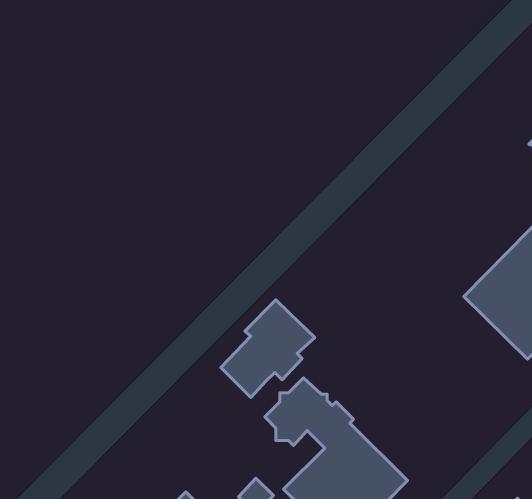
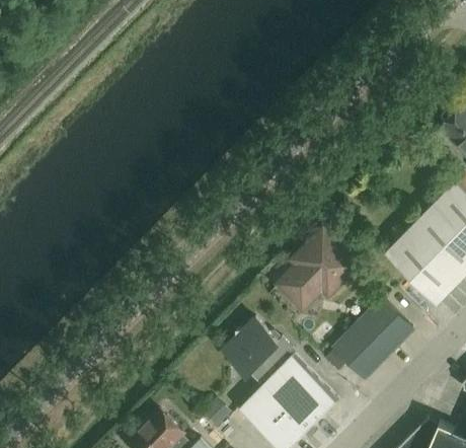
building: [221,300,315,397] -> [278,232,354,311]
building: none -> [333,300,412,379]

